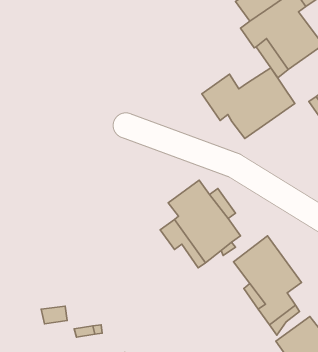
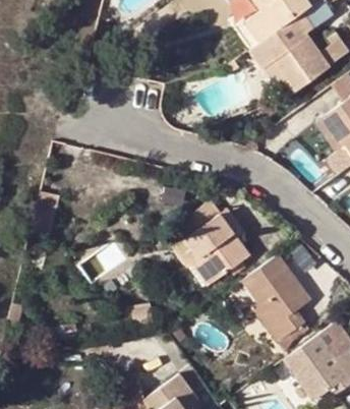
building: [202,68,295,138] -> none

